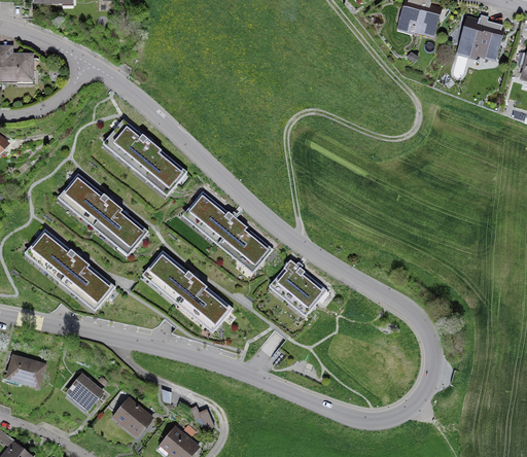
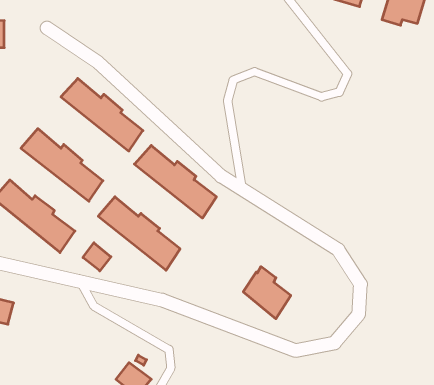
building: [272,259,324,317] -> [243,267,291,319]
building: none -> [83,243,111,271]
building: [65,376,104,414] -> none
building: [113,400,152,440] -> none

